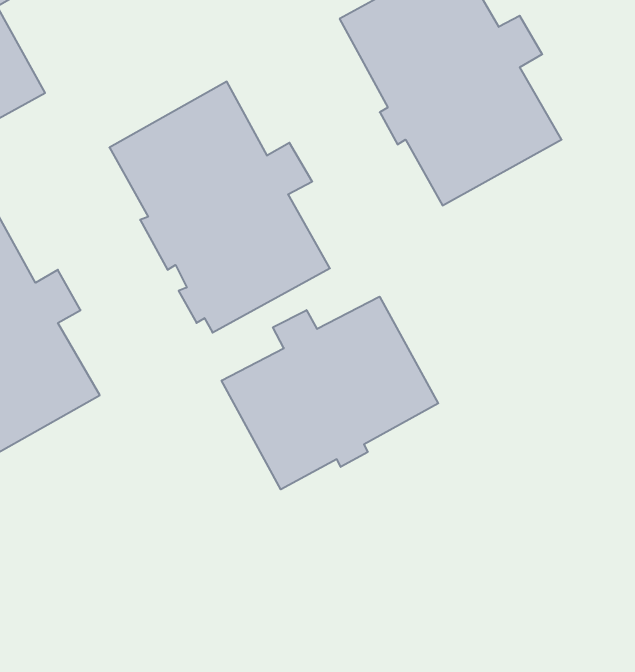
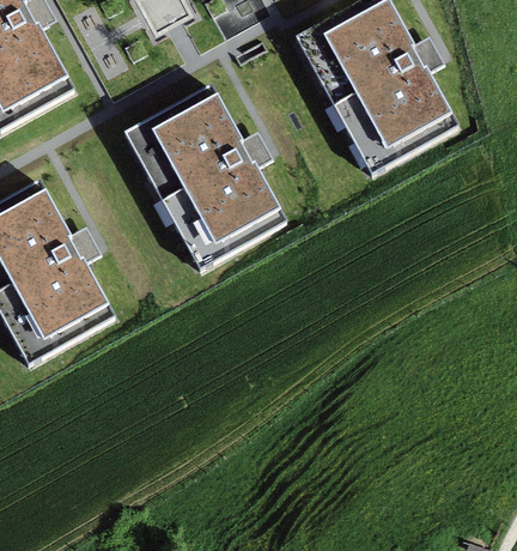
building: [222,297,438,489] -> none

